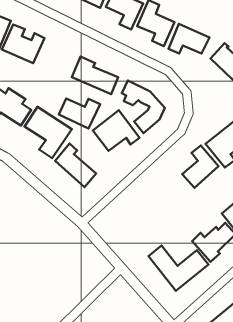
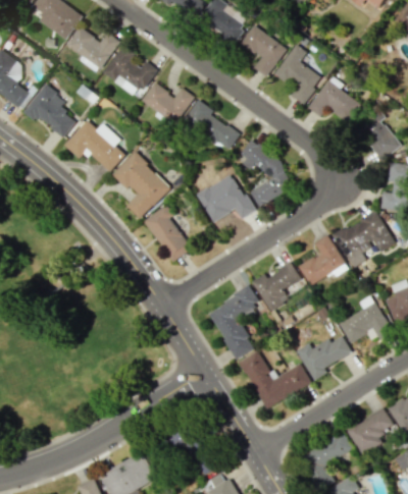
building: [59,99,100,128] -> [142,81,195,123]
building: none -> [253,263,301,311]
building: none -> [208,286,259,359]

